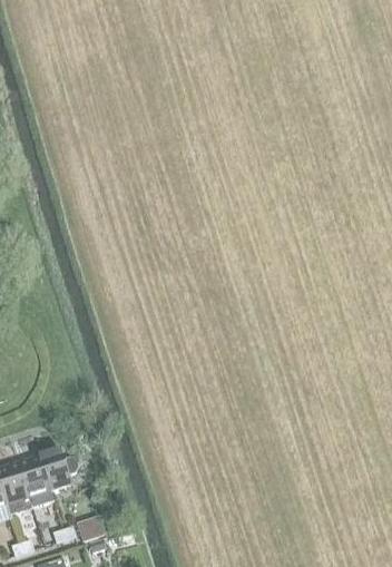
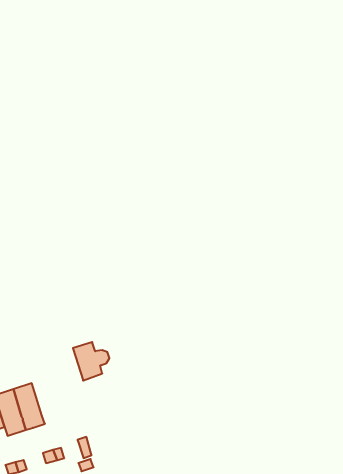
building: [39,447,79,489] -> [73,342,109,381]

